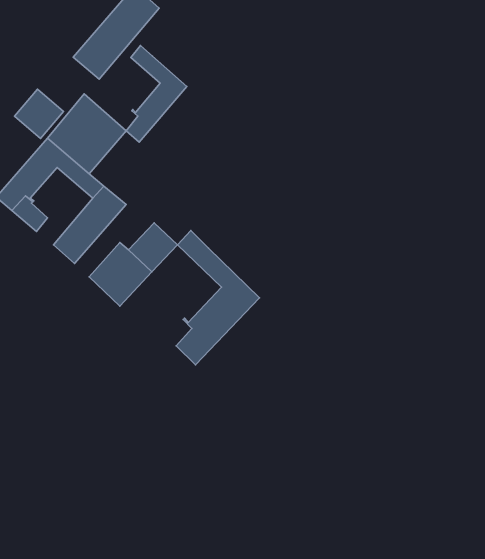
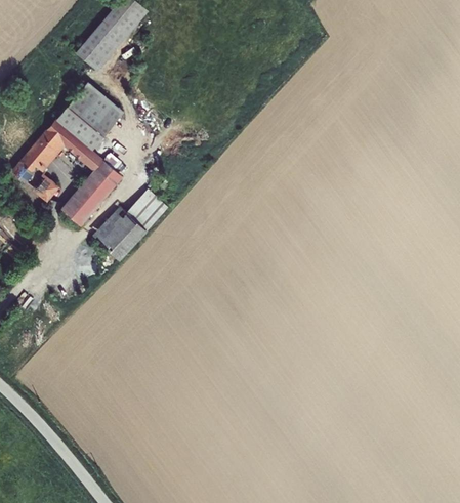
building: [126,46,187,142] -> none
building: [14,89,63,139] -> none
building: [176,231,259,365] -> none

